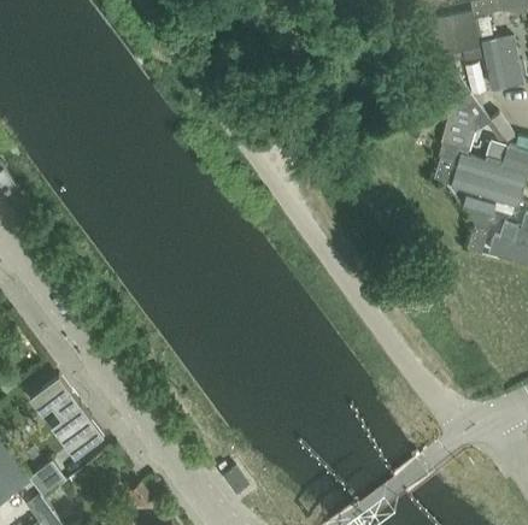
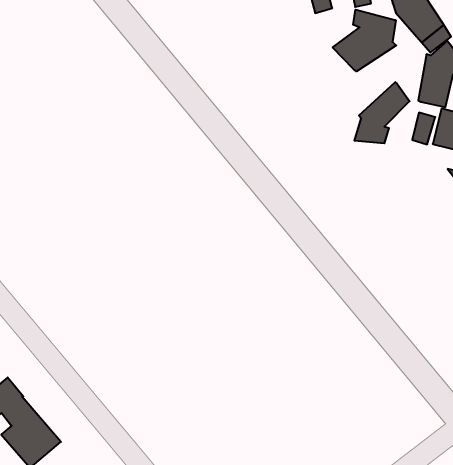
building: none -> [333,10,396,71]
building: none -> [354,82,410,143]

